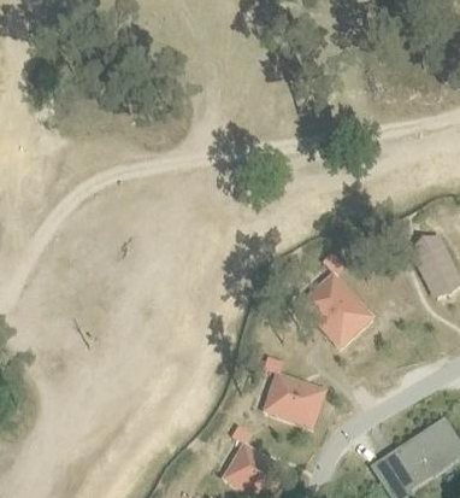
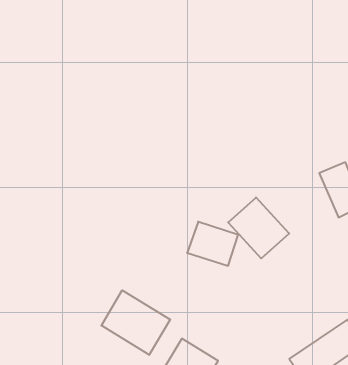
building: [264,374,325,427] -> [187,222,238,266]
building: none -> [101,290,170,355]

